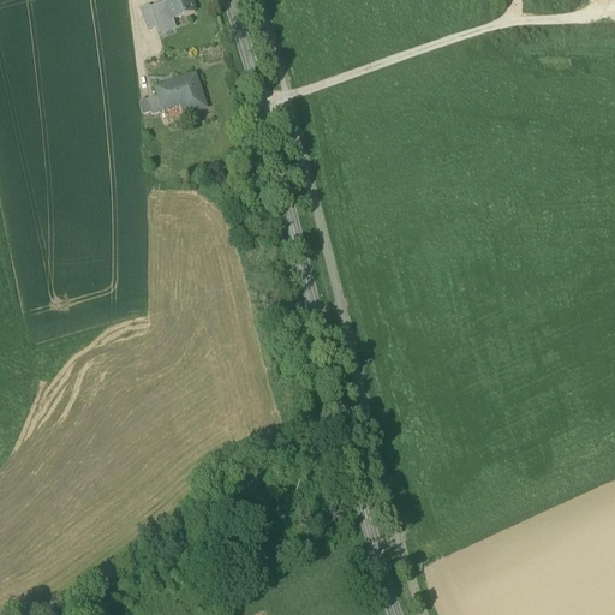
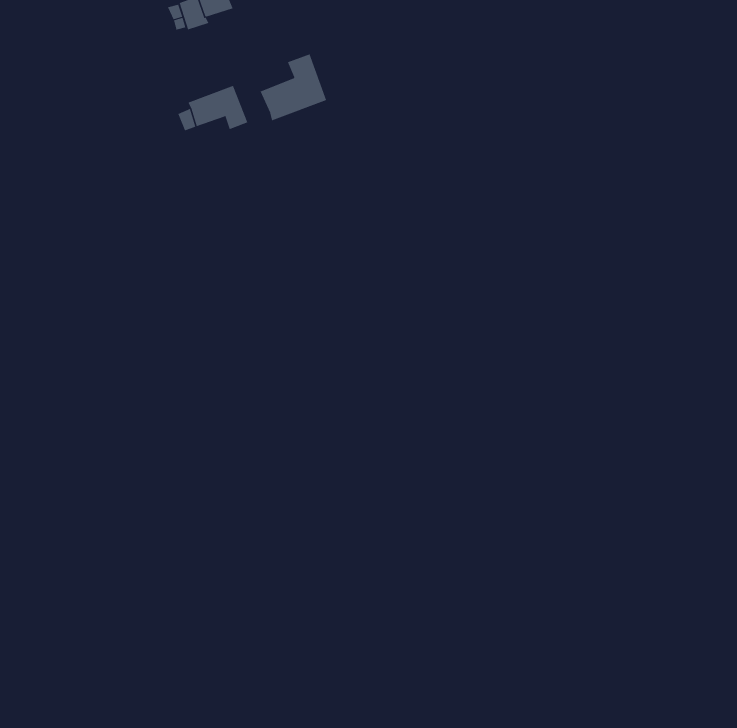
building: none -> [260,53,327,121]

